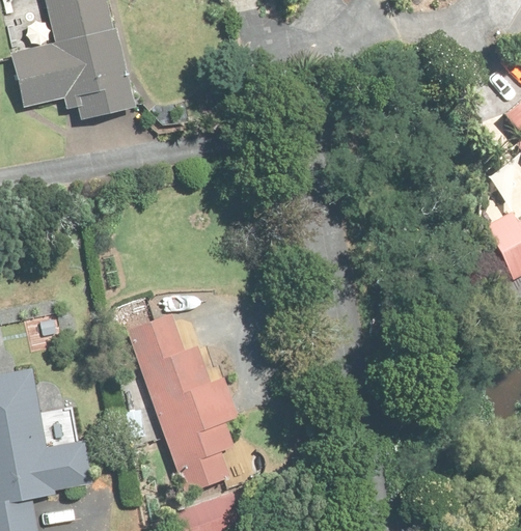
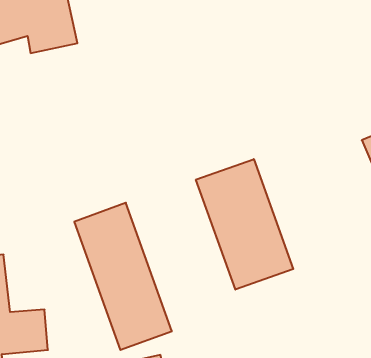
building: none -> [196,159,293,290]

